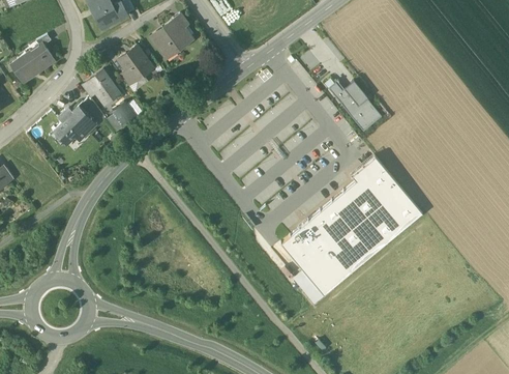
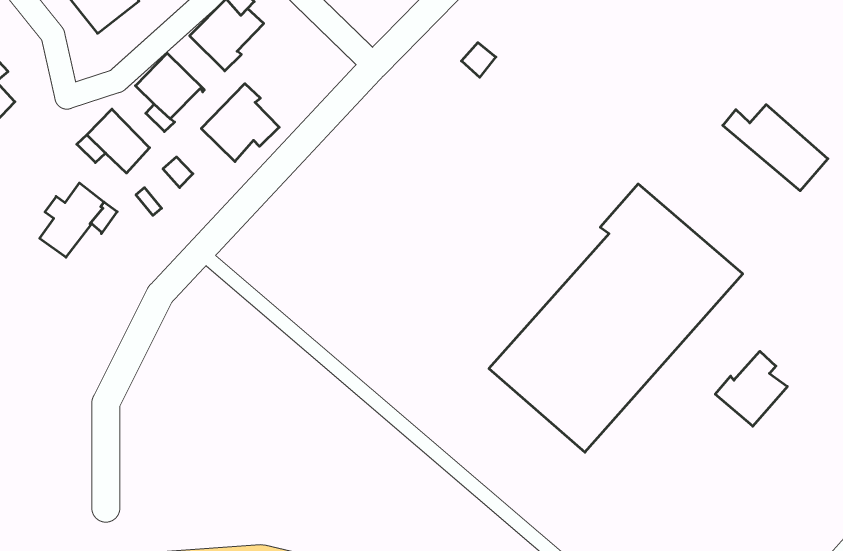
building: none -> [201,84,279,162]
building: [329,82,382,131] -> [723,105,828,191]
building: none -> [715,351,787,426]

